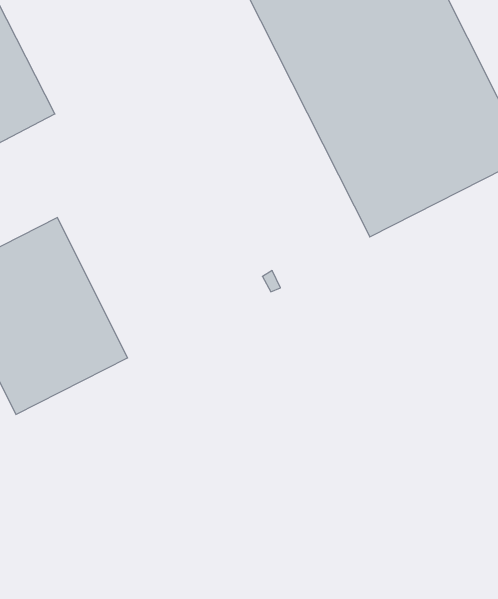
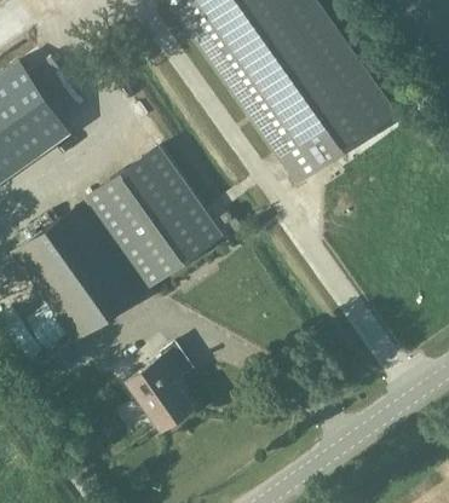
building: none -> [87,149,220,288]
building: none -> [126,342,194,430]

